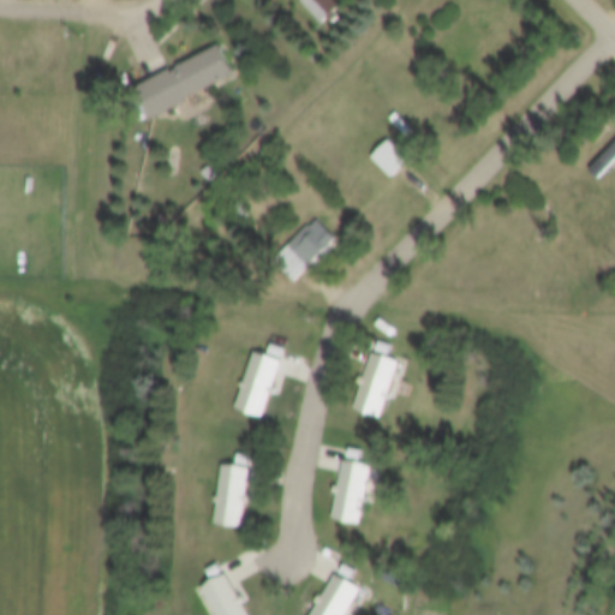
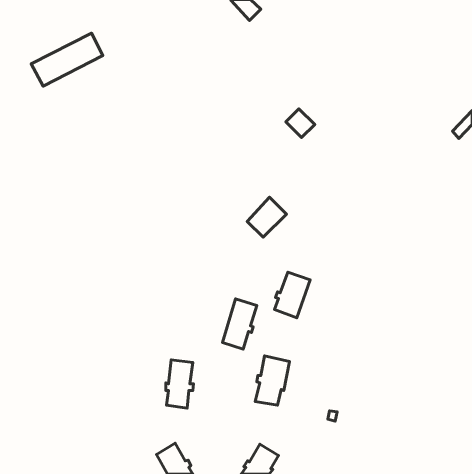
building: [141,46,233,114] -> [31,33,103,86]
building: [285,219,335,270] -> [247,197,286,237]
building: [235,353,280,418] -> [223,299,257,349]

